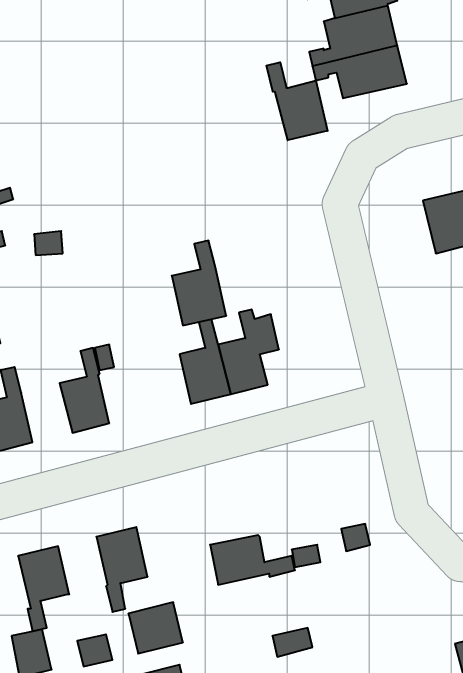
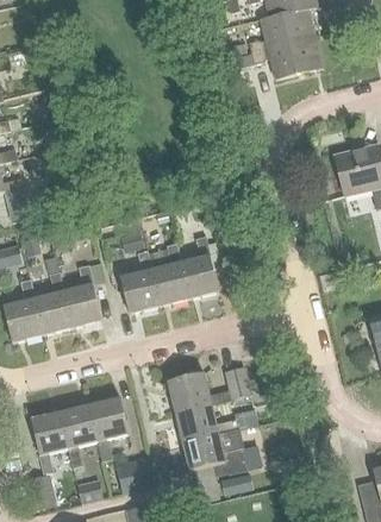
building: [266,62,328,140] -> none
building: [172,241,226,325] -> [120,250,161,313]
building: none -> [35,271,73,334]
building: none -> [168,365,250,410]
building: none -> [62,404,99,466]
building: none -> [181,429,246,474]

